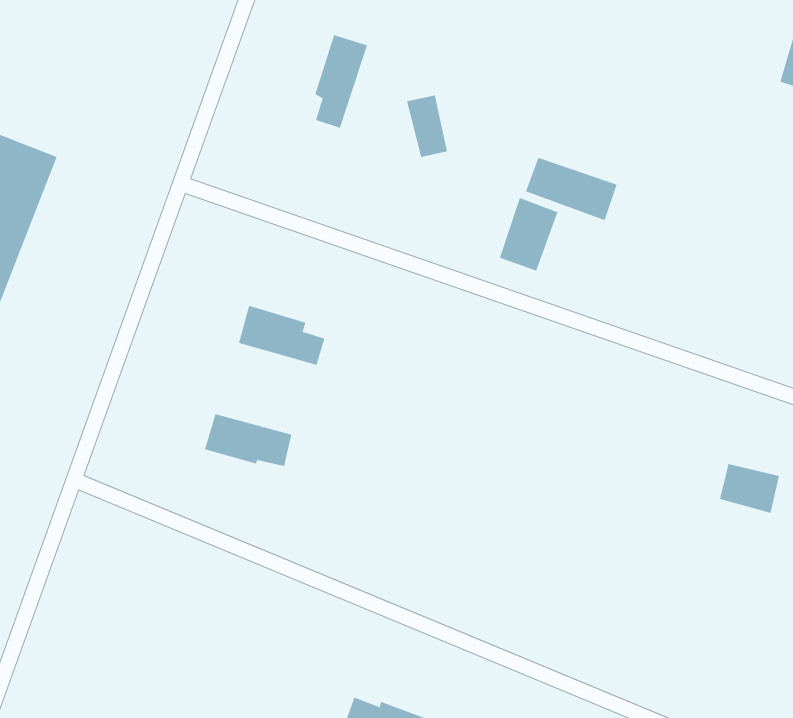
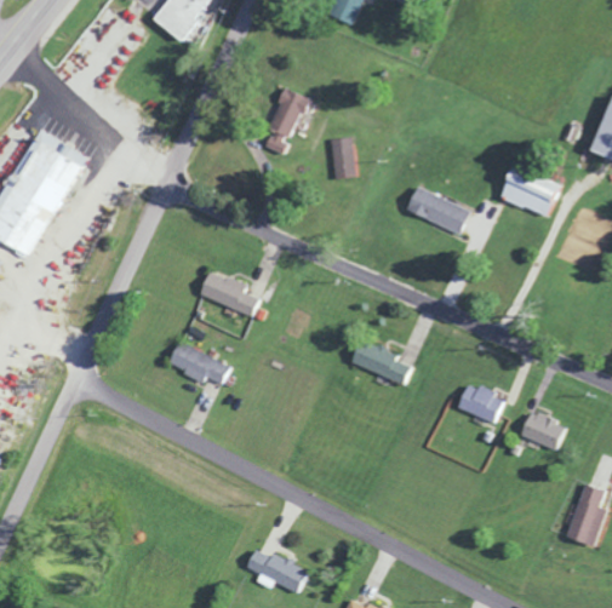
building: none -> [497,172,559,217]
building: [499,197,558,271] -> none
building: none -> [350,339,410,384]
building: none -> [457,382,507,424]

